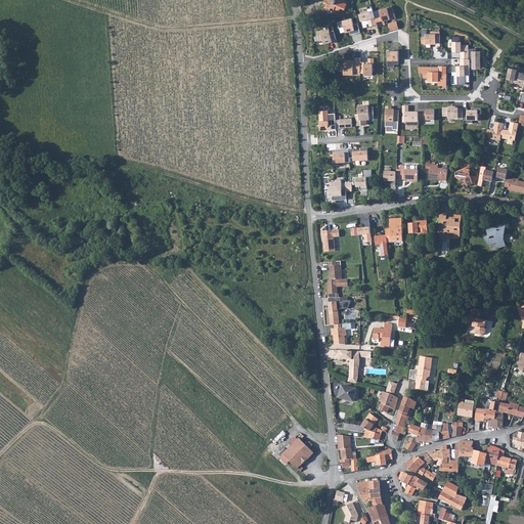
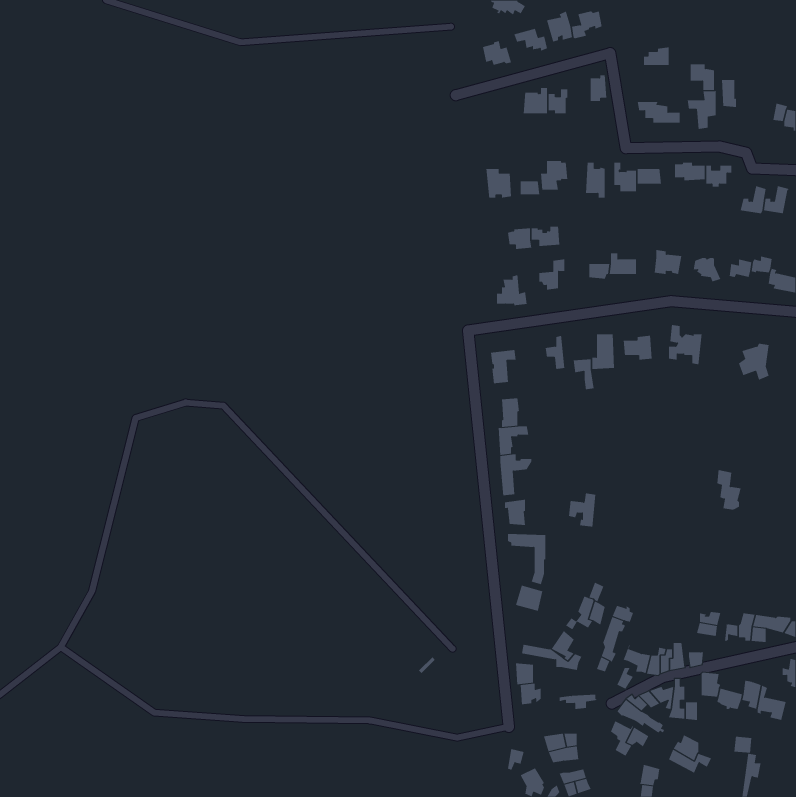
building: [409,356,433,390] -> none
building: [285,440,314,471] -> none

